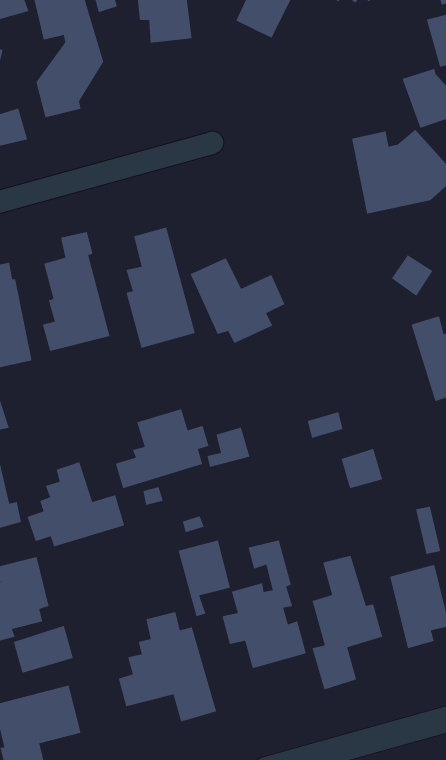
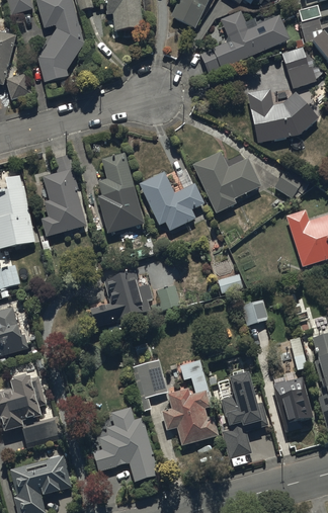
building: none -> [199,10,290,74]
building: none -> [192,153,261,215]
building: [26,461,125,547] -> none

